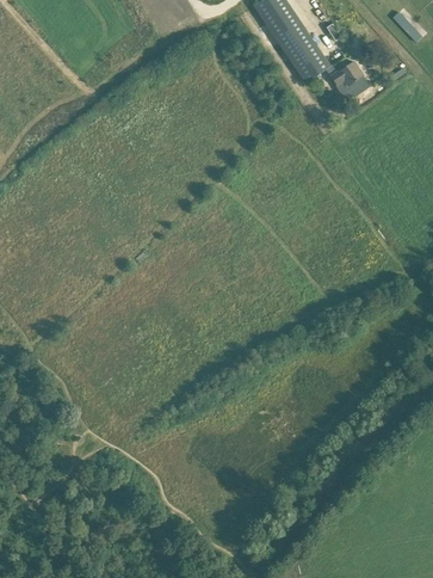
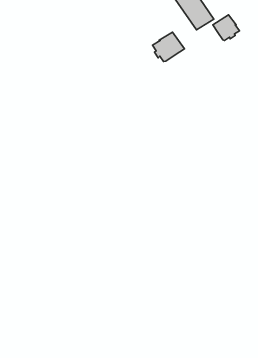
building: none -> [153,32,184,62]

